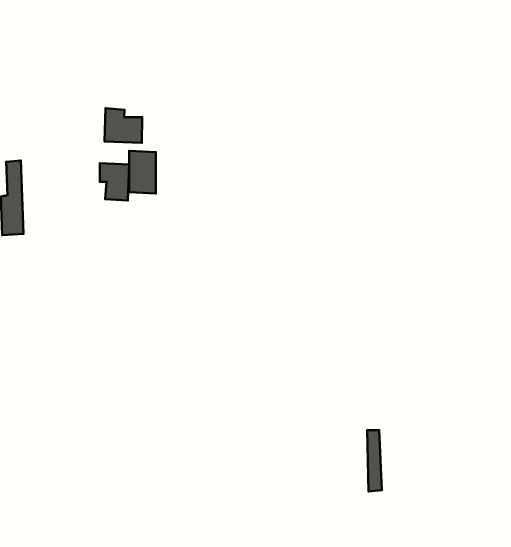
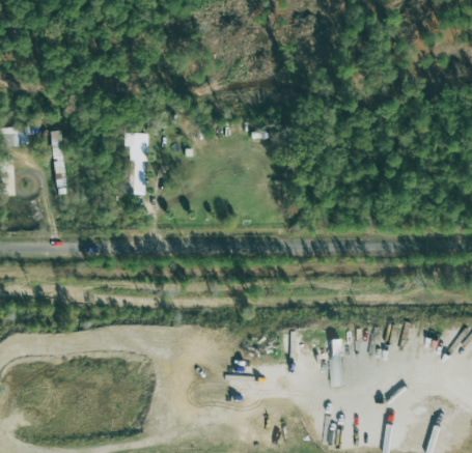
building: [104,108,142,143] -> none
building: [129,151,156,193] -> [124,161,145,194]

